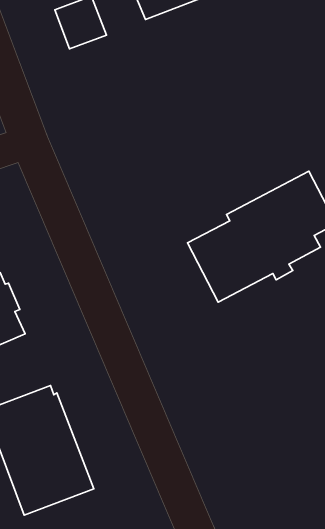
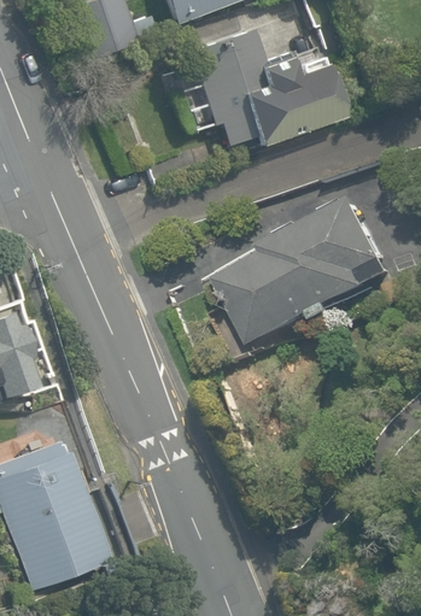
building: none -> [189,27,343,146]

